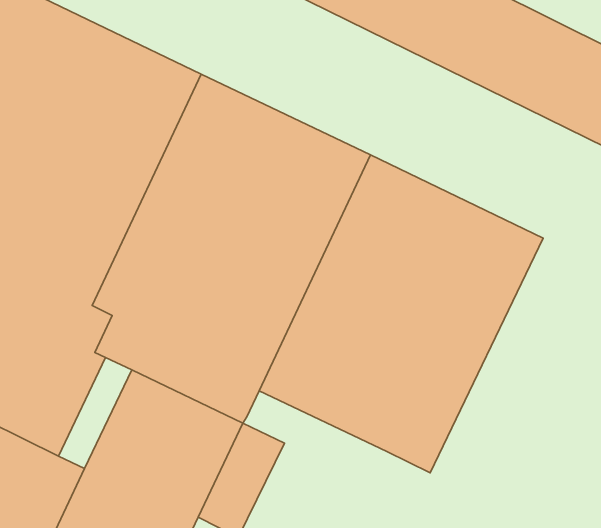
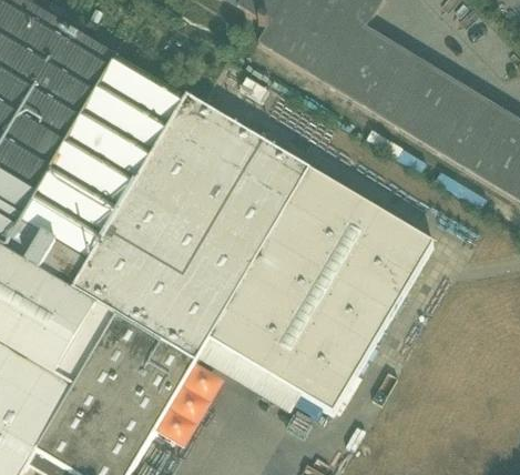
building: none -> [53,301,114,383]
building: none -> [197,336,300,410]

